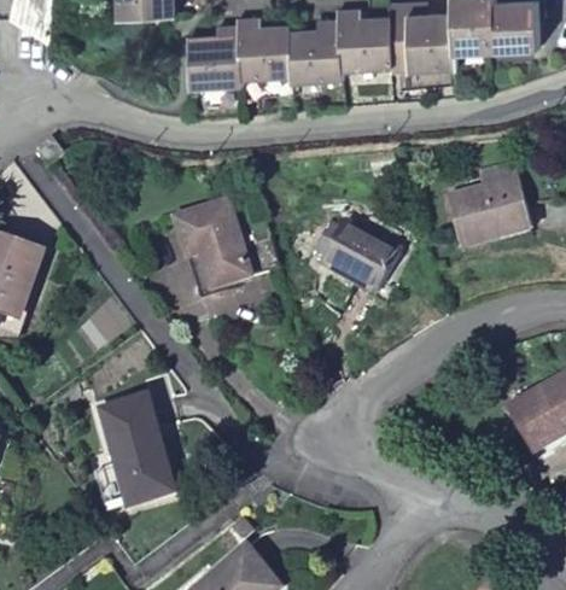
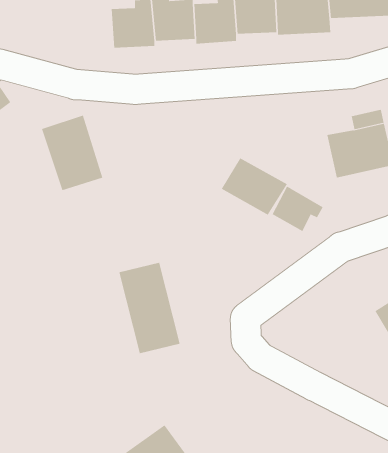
building: [175,198,251,291] -> [41,115,103,191]
building: none -> [272,186,323,232]
building: [100,392,176,504] -> [118,262,180,354]

